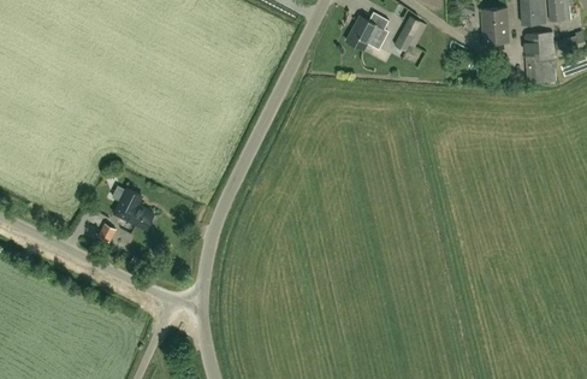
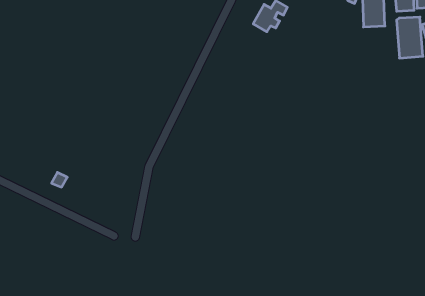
building: [393,17,426,52] -> none
building: [119,189,153,229] -> none

